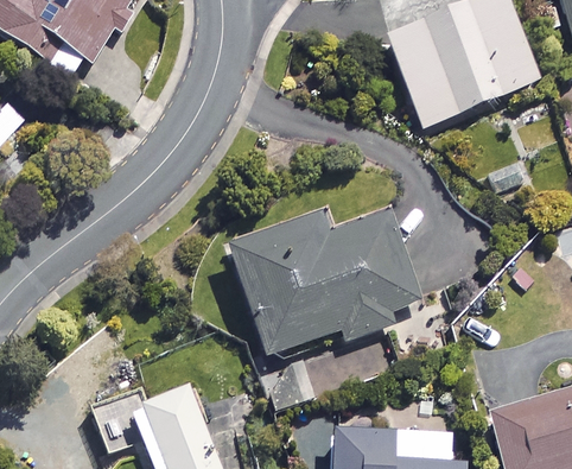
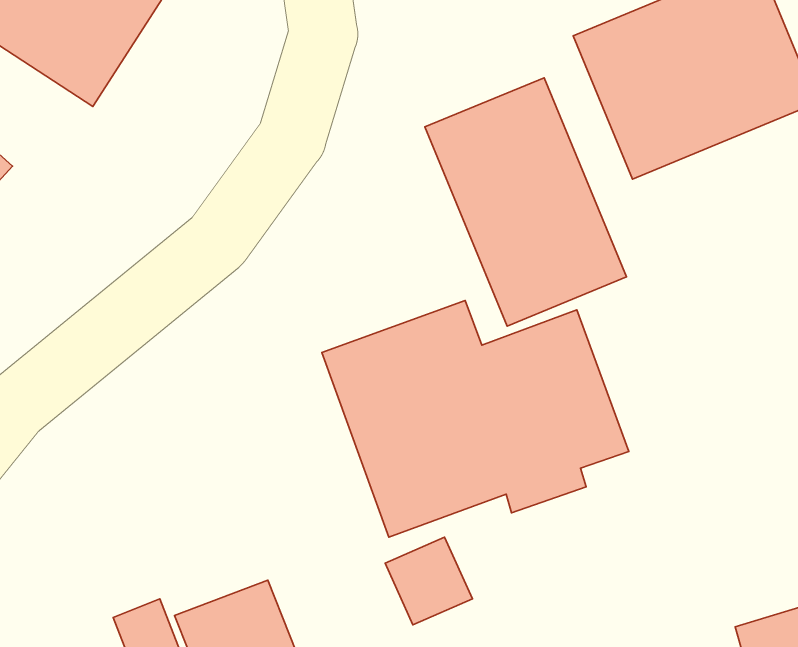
building: none -> [425,78,626,326]

